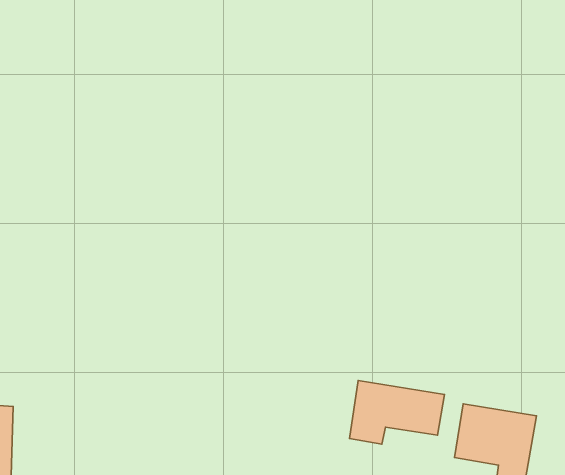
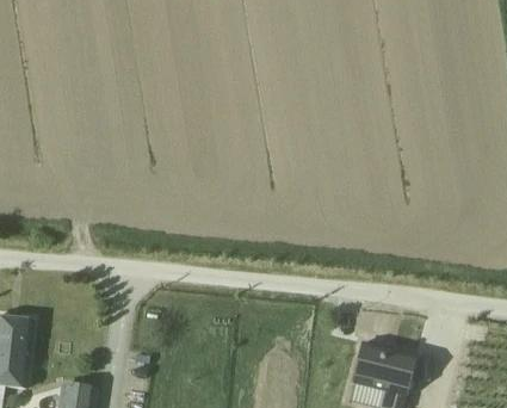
building: [349,380,444,444] -> none

